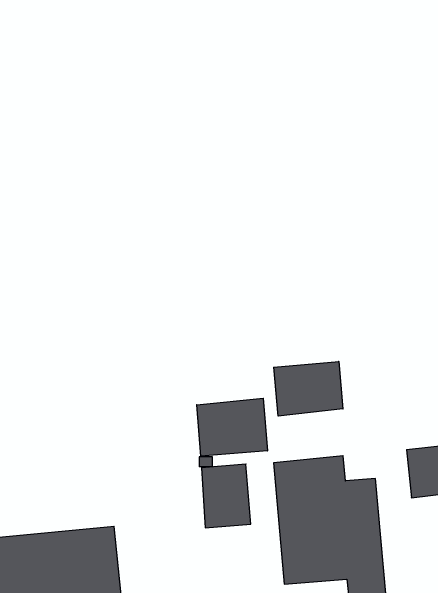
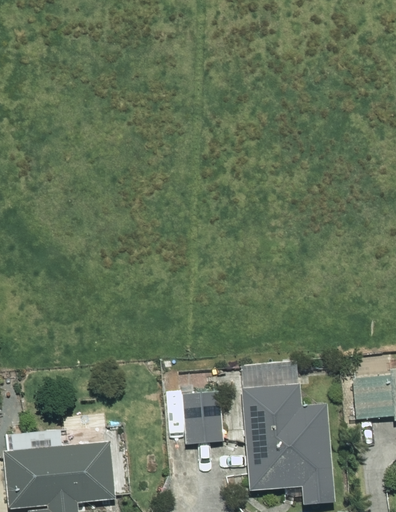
building: [274,361,343,416] -> none
building: [197,398,267,456] -> none

